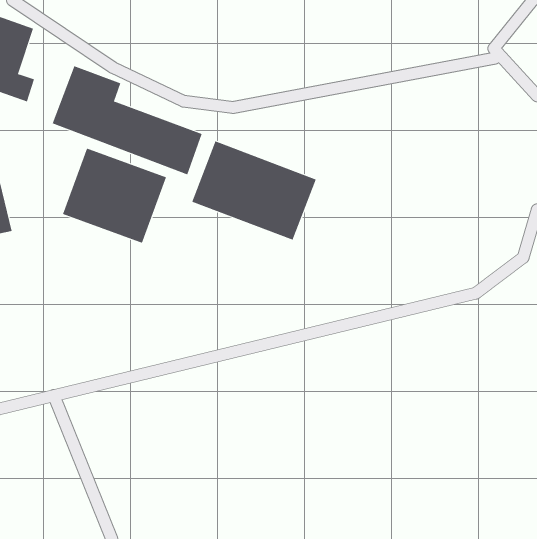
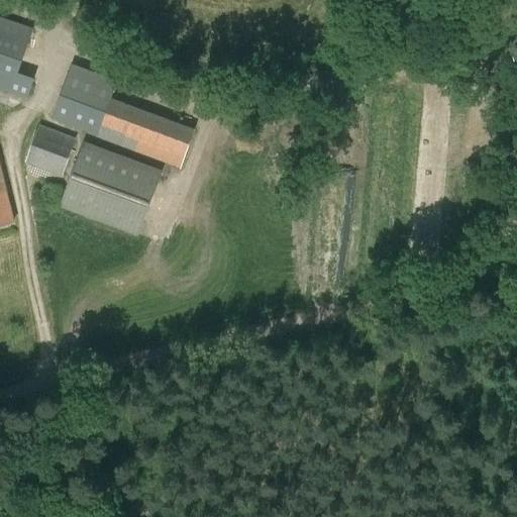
building: none -> [23,123,76,176]
building: [191,141,317,241] -> none

